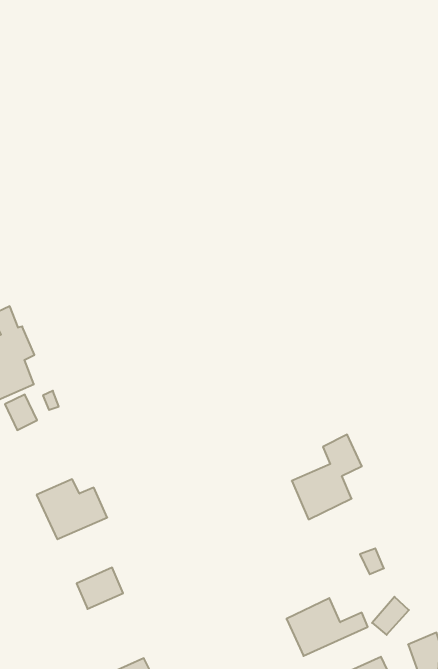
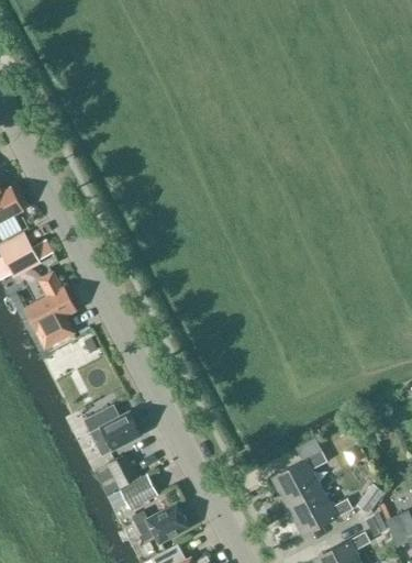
building: [292,435,362,519] -> [271,438,326,507]
building: none -> [105,454,137,488]
building: none -> [131,505,187,543]

